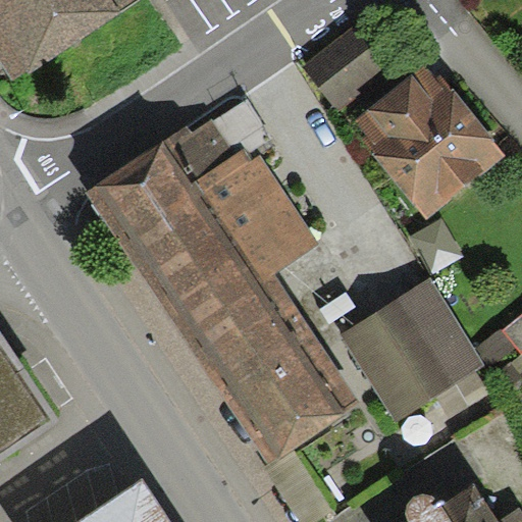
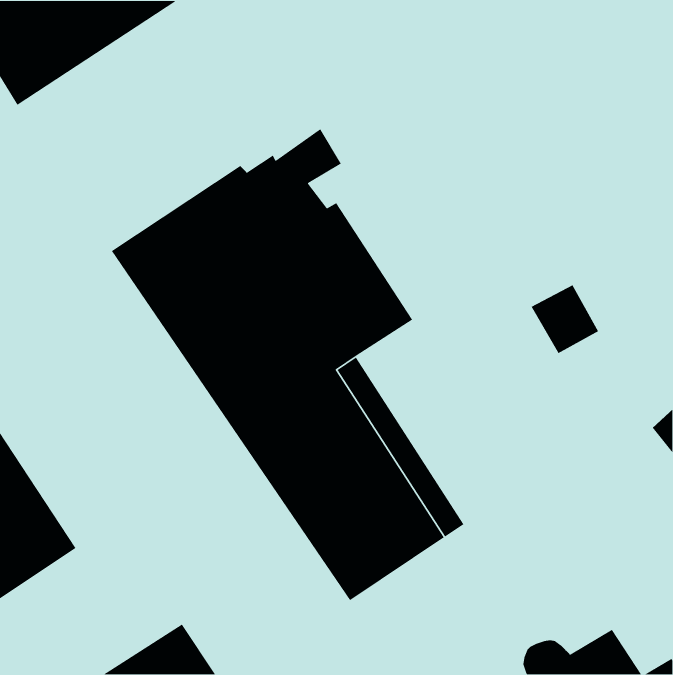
building: [303,25,389,111] -> none
building: [349,60,504,218] -> none
building: [340,278,484,422] -> none

